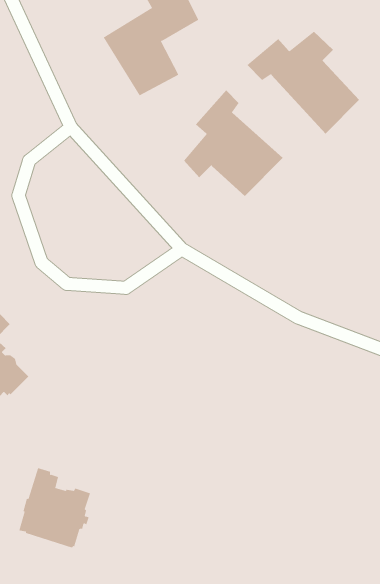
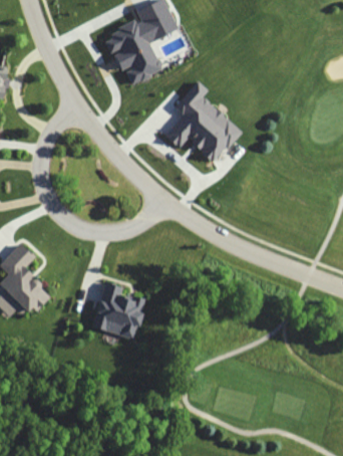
building: [246,31,360,134] -> none
building: [19,468,91,548] -> [90,280,144,340]

